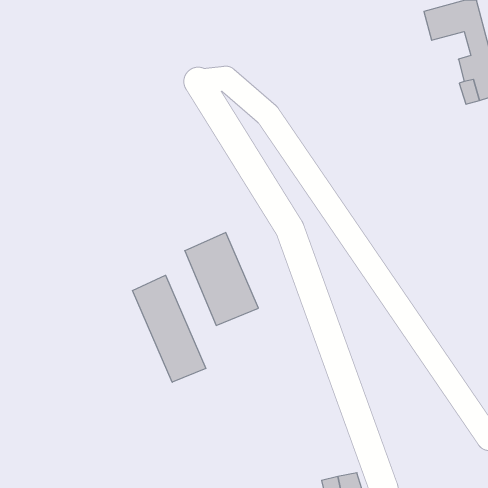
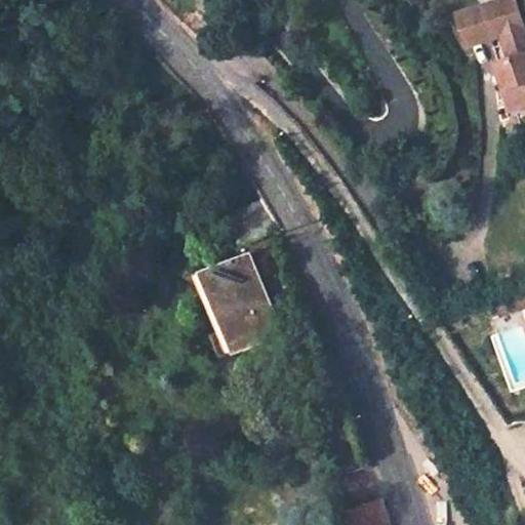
building: [132,275,206,382] -> none

